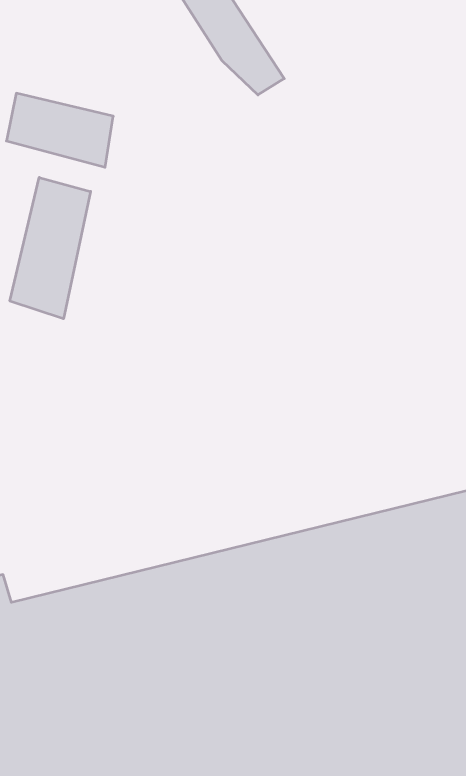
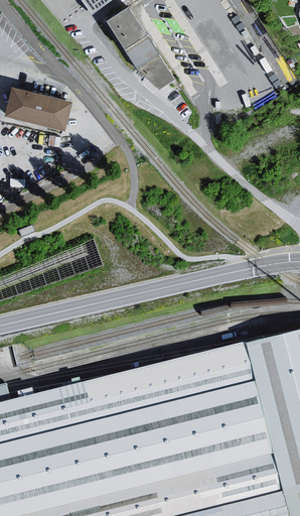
building: [10,177,91,319] -> none

